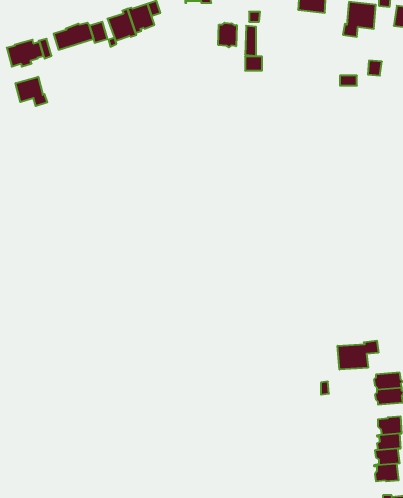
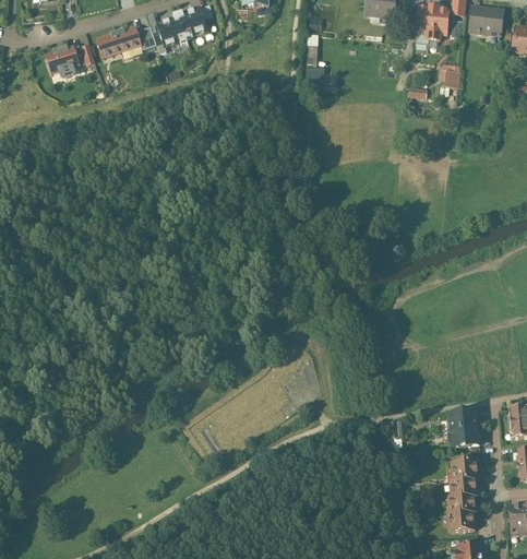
building: [218,23,237,47] -> none
building: [16,77,47,106] -> none
building: [338,341,378,370] -> none

